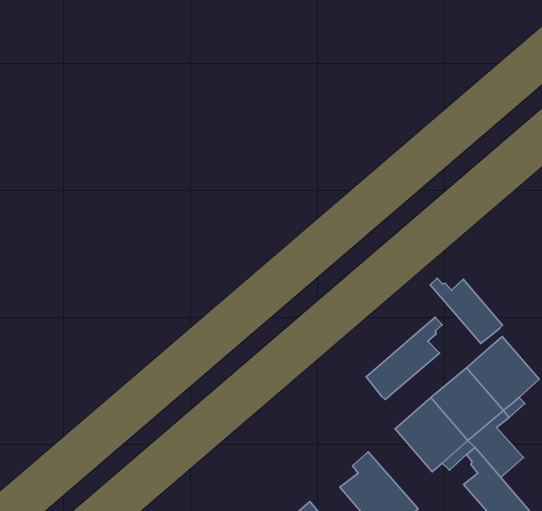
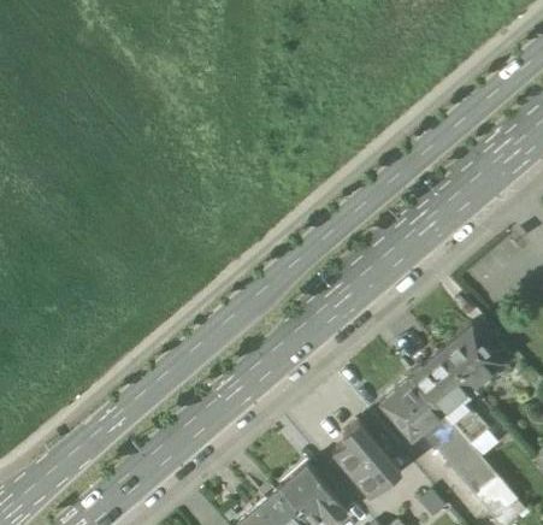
building: [430,278,502,343] -> none
building: [366,317,442,400] -> none

